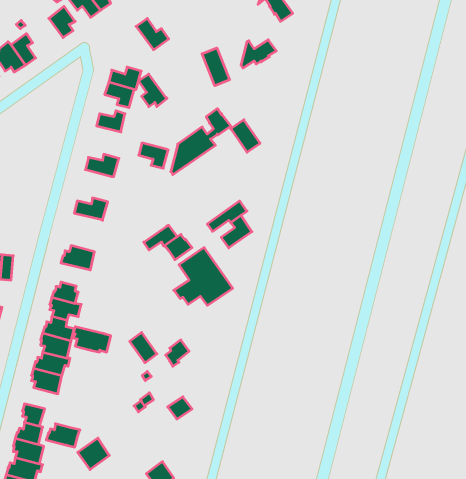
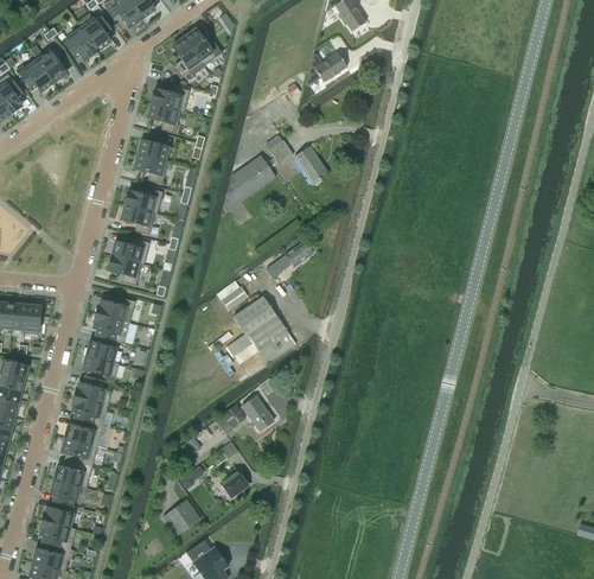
building: none -> [63,27,98,58]
building: [202,48,230,86] -> none
building: [139,74,167,107] -> [172,37,205,75]
building: [139,143,168,168] -> [134,153,168,183]
building: none -> [121,204,155,234]
building: none -> [108,255,142,285]
building: [221,215,252,248] -> none
building: [144,225,177,250] -> none
building: [73,327,111,352] -> [94,313,138,343]
building: [130,332,157,363] -> [242,395,274,431]
building: [46,424,80,447] -> [53,459,92,486]
building: [78,438,109,470] -> [164,498,200,535]

